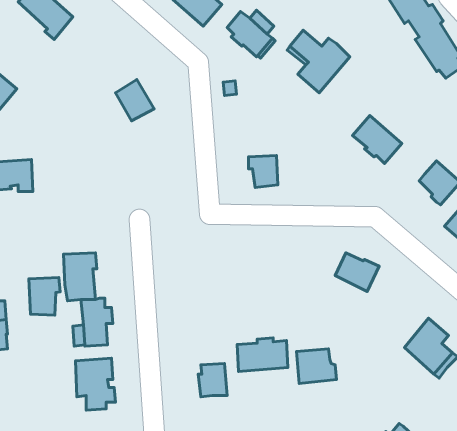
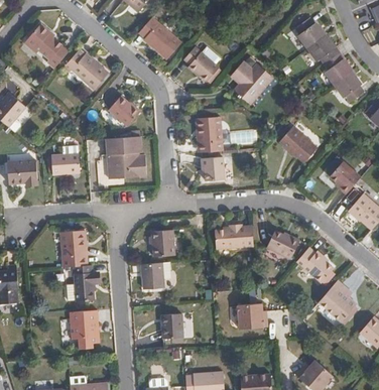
building: none -> [65,48,109,88]
building: none -> [197,115,223,151]
building: none -> [106,136,146,178]
building: none -> [51,152,81,173]
building: none -> [152,229,174,256]
building: none -> [297,246,334,282]
building: [29,278,60,315] -> none
building: none -> [142,262,164,288]
building: [237,338,288,371] -> [215,223,253,248]

